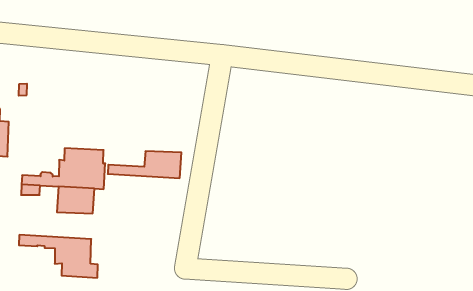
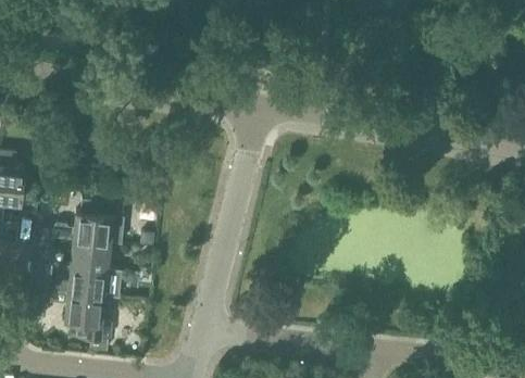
building: [108,151,181,178] -> [28,265,108,295]

